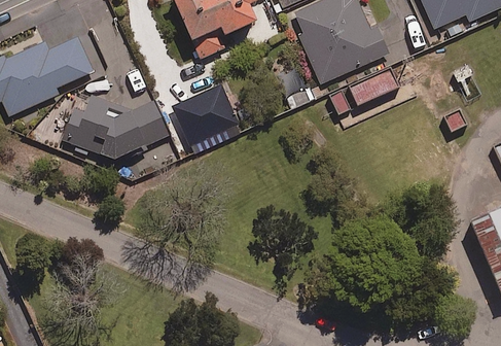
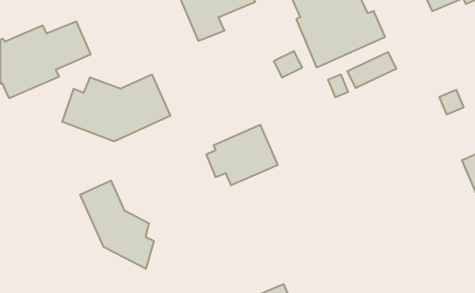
building: [166,86,238,147] -> [206,125,278,185]
building: none -> [80,181,154,269]

